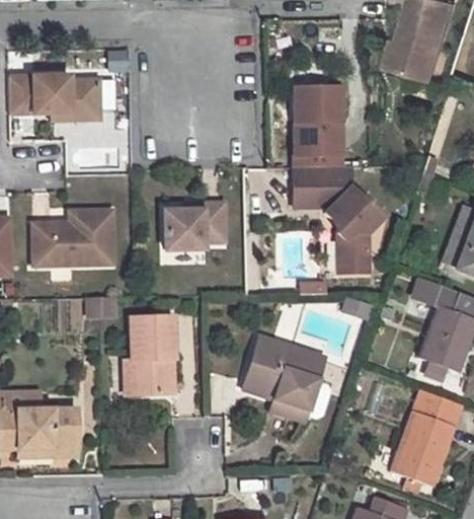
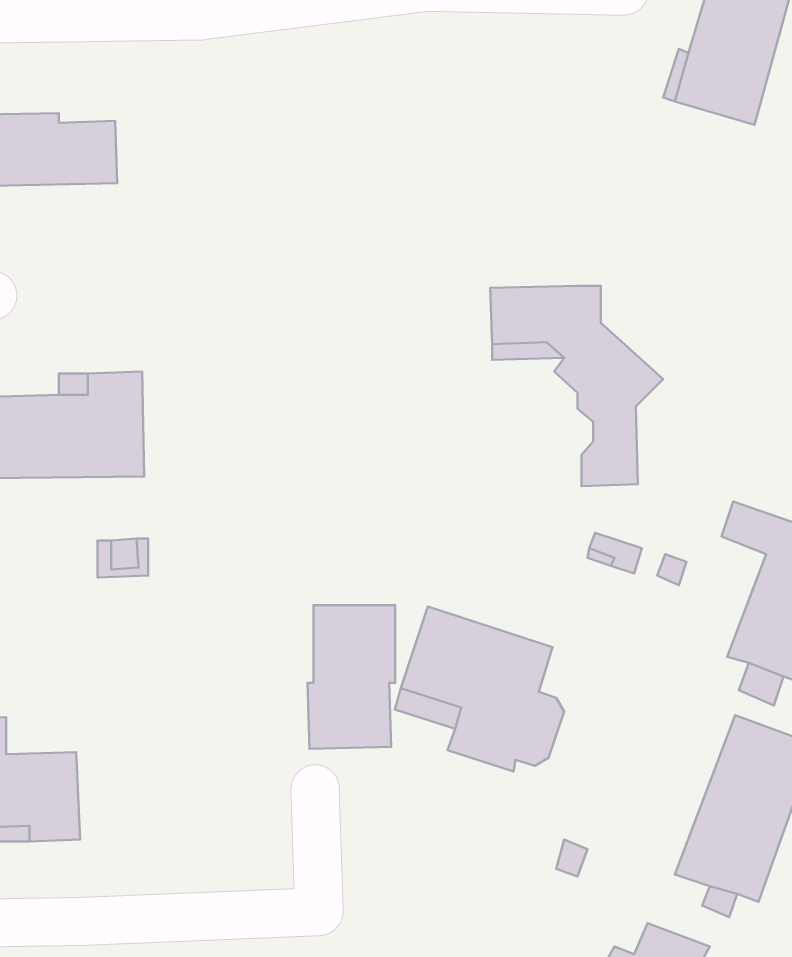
building: [292,86,338,166] -> none
building: [163,203,224,248] -> none
building: [130,317,175,392] -> [308,605,395,749]

